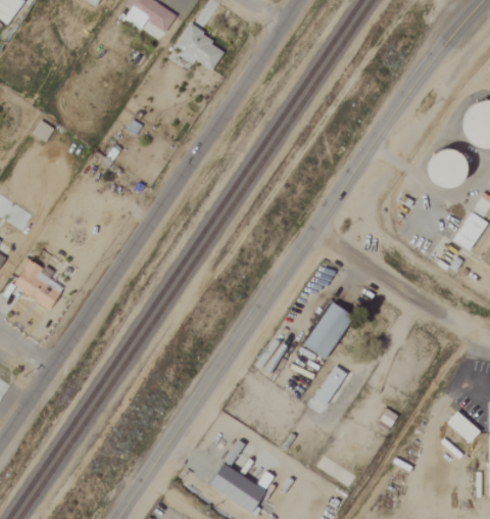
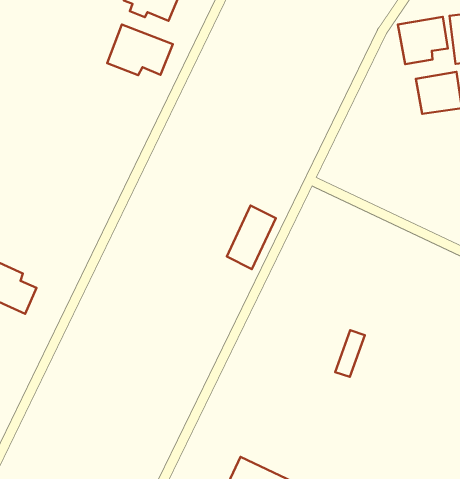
building: none -> [107,24,173,75]
building: none -> [398,17,448,64]
building: [303,302,351,359] -> [227,205,276,269]

